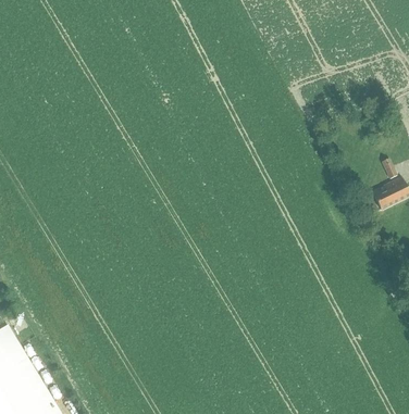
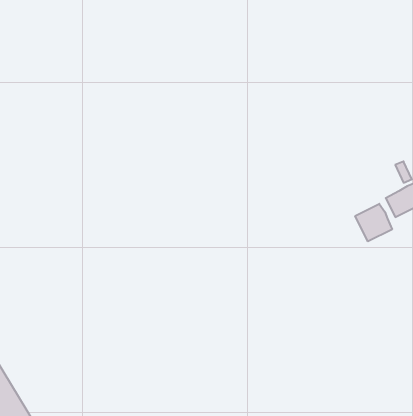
building: none -> [355,204,392,241]

